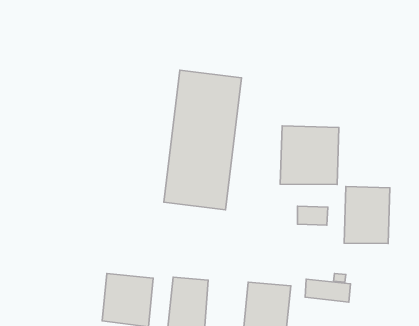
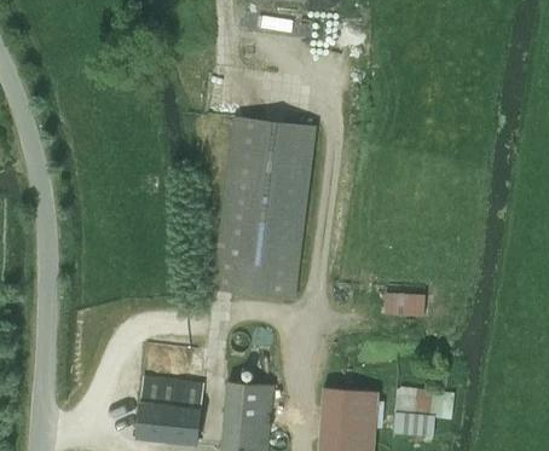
building: [280,126,339,185] -> none
building: [344,187,390,243] -> none
building: none -> [394,414,434,436]

